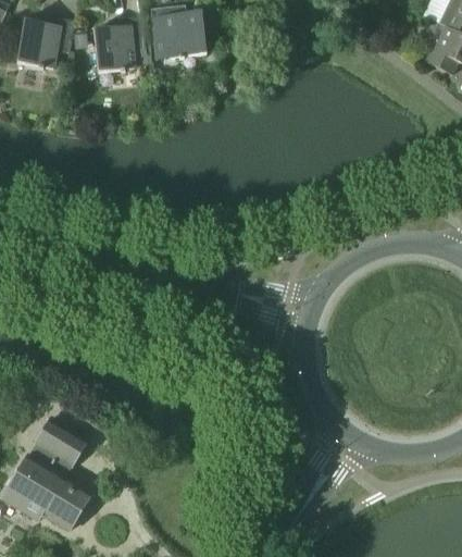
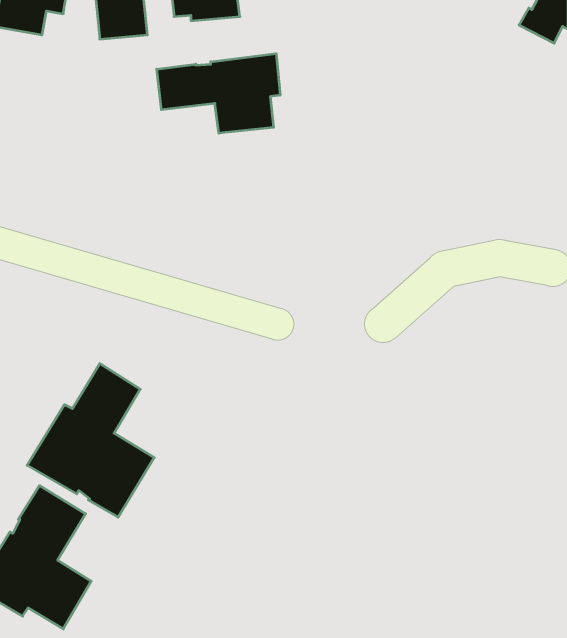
building: none -> [157,54,280,133]
building: none -> [27,364,154,517]

